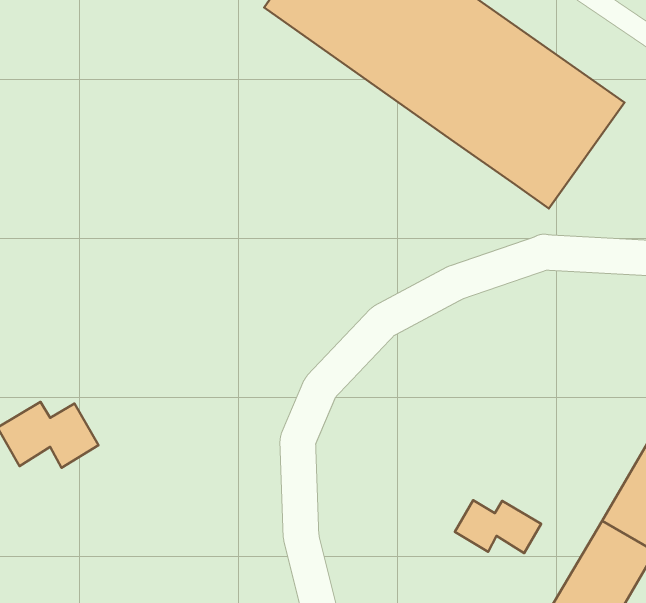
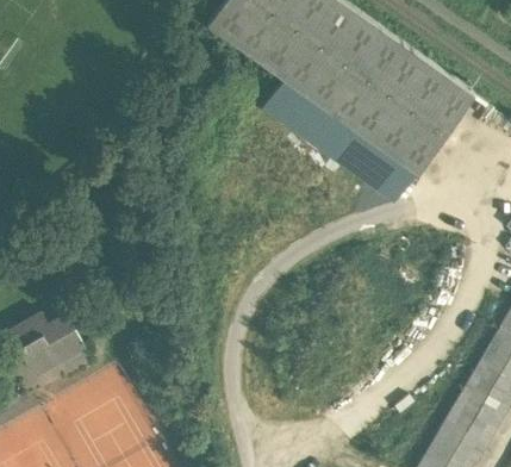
building: none -> [262,77,417,201]
building: [455,500,541,553] -> none

